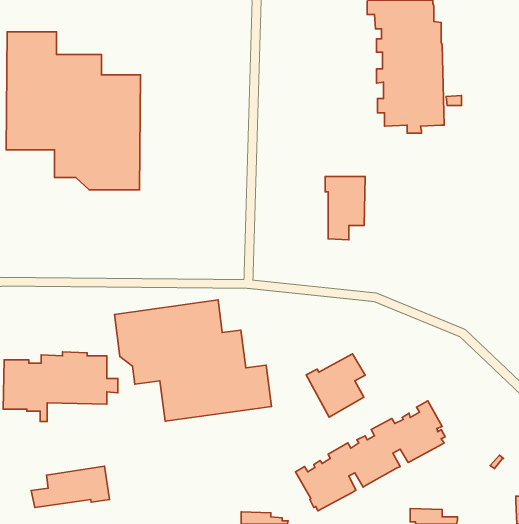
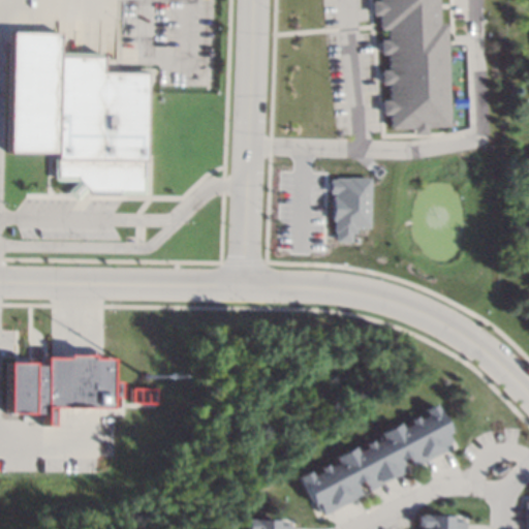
building: [114,300,272,421] -> none
building: [306,354,365,417] -> none
building: [31,466,109,507] -> none

